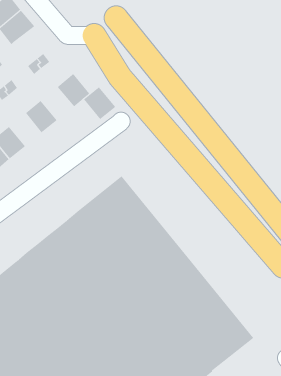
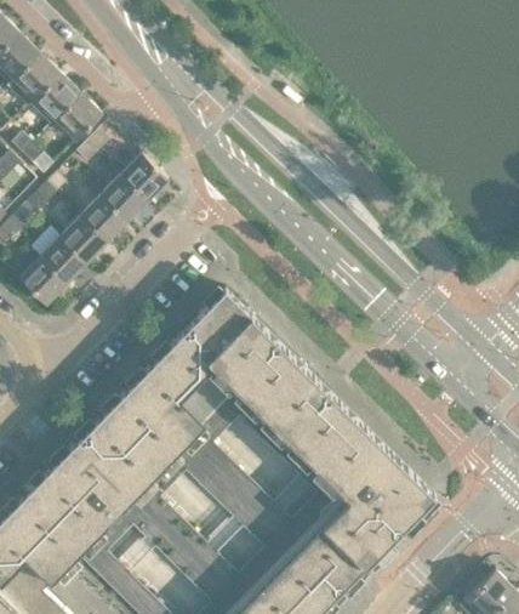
building: none -> [53,97,101,143]
building: [83,87,116,120] -> [99,178,147,224]
building: none -> [59,220,105,266]

